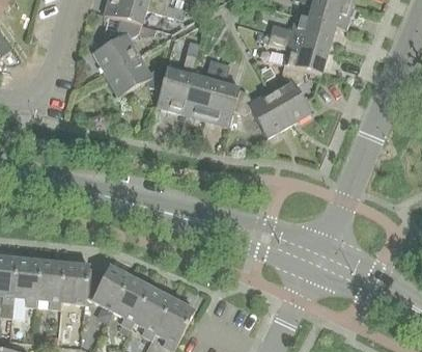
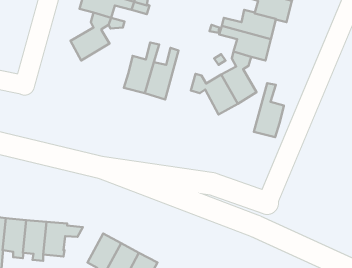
building: [105,55,165,97] -> none
building: [203,63,238,127] -> [254,83,284,137]
building: [84,266,131,312] -> none

